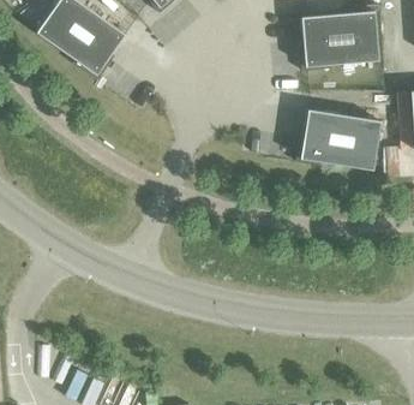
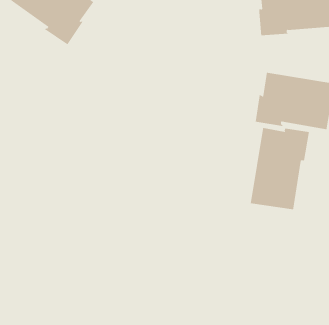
building: none -> [250,127,309,210]

